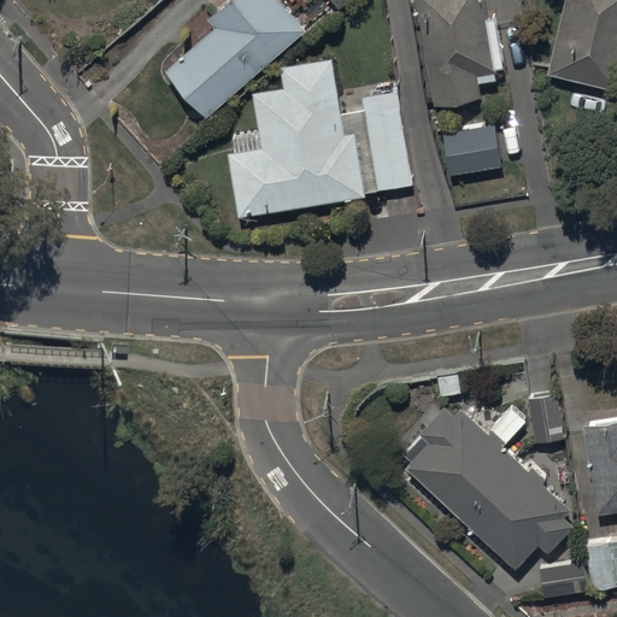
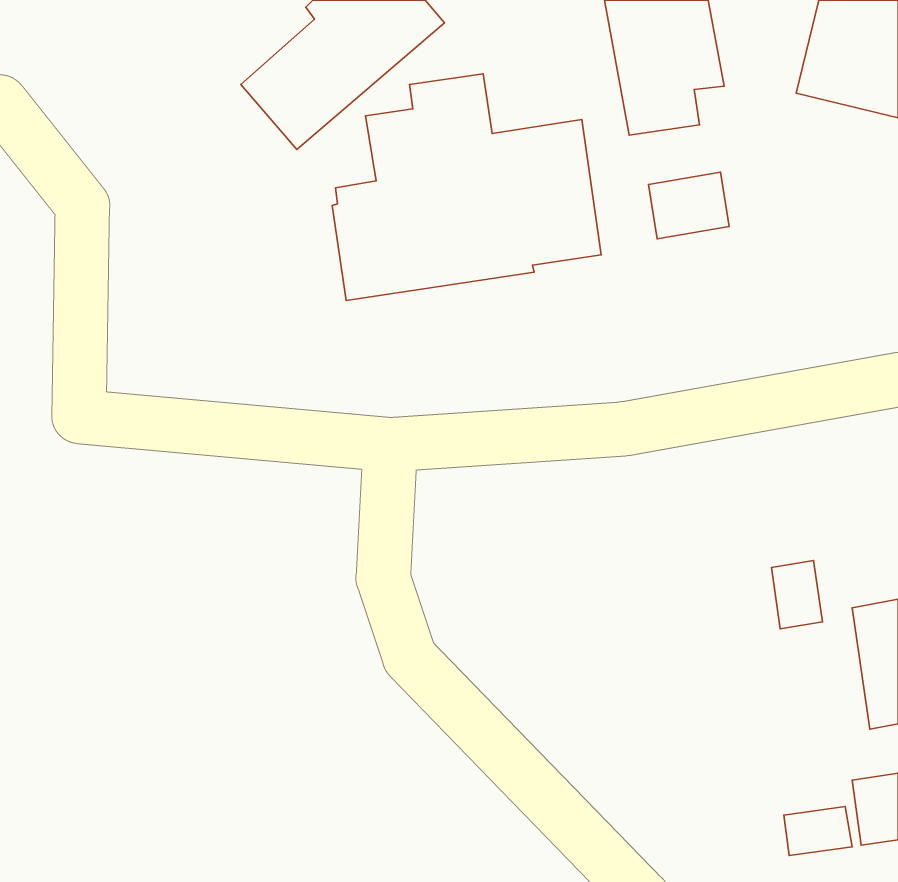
building: [399,405,574,568] -> none

